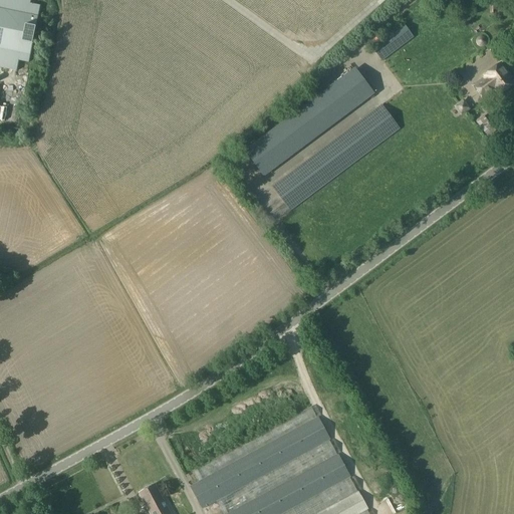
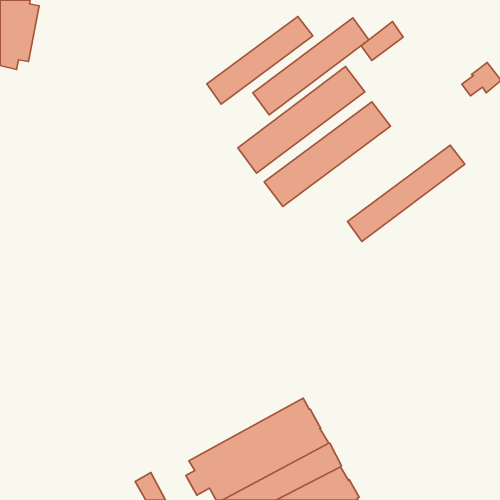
building: none -> [207,17,313,104]
building: none -> [253,18,369,115]
building: none -> [348,145,465,241]

